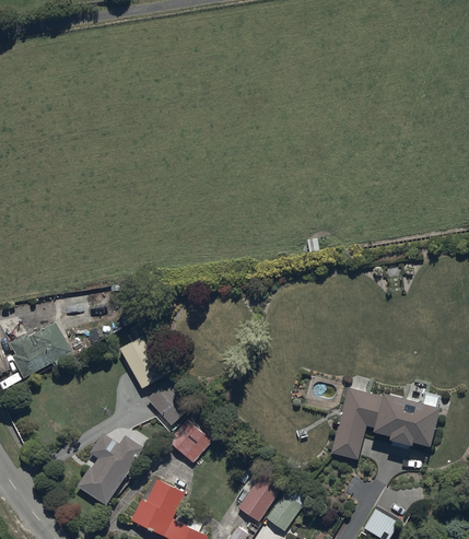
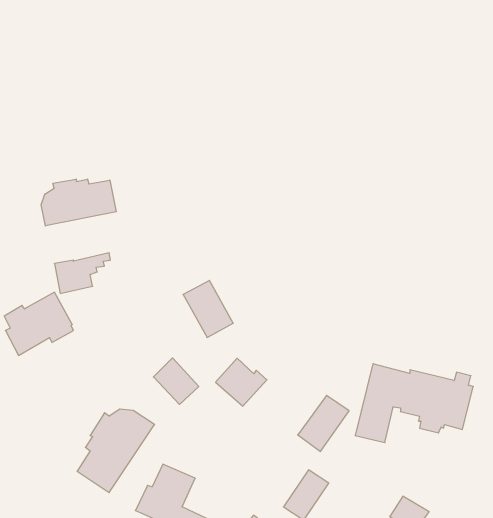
building: none -> [41,179,116,226]
building: [119,337,165,389] -> [183,280,233,338]
building: [167,420,214,464] -> [216,358,267,406]
building: [237,471,284,523] -> [298,395,349,452]

